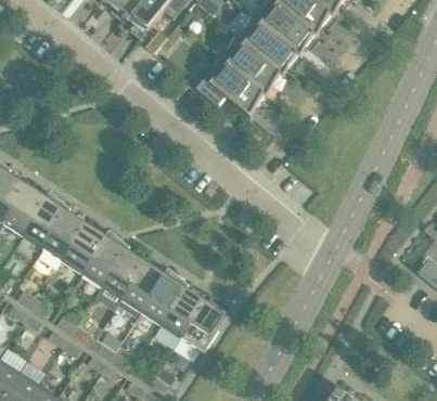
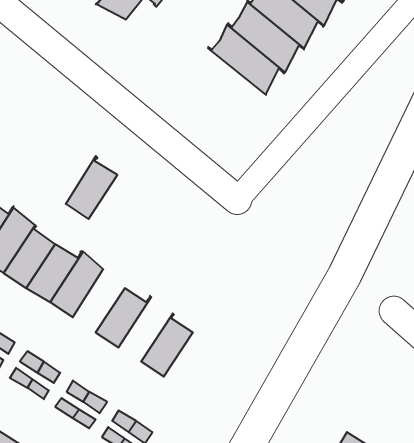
building: [195,56,268,117] -> none
building: [102,246,146,300] -> [66,156,117,219]
building: [141,270,188,325] -> none
building: [180,300,226,354] -> none

